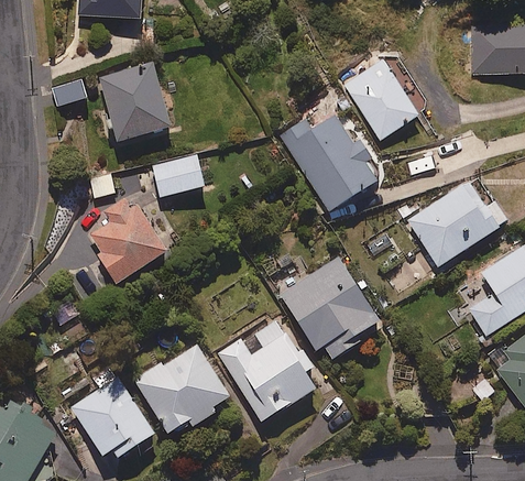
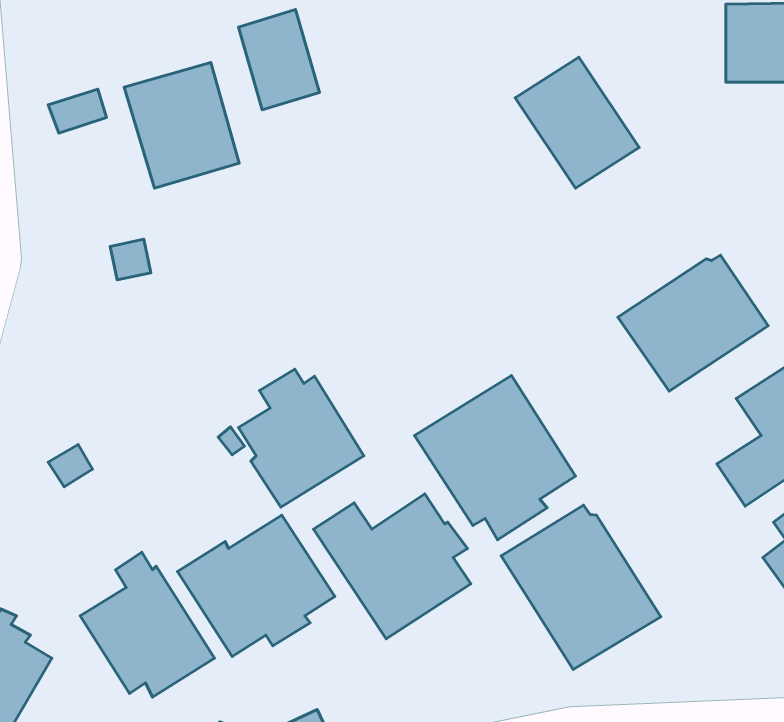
building: none -> [239,9,319,110]
building: [280,114,376,212] -> none
building: [151,155,204,197] -> none
building: [89,198,167,284] -> [238,369,364,507]
building: none -> [501,505,661,670]

